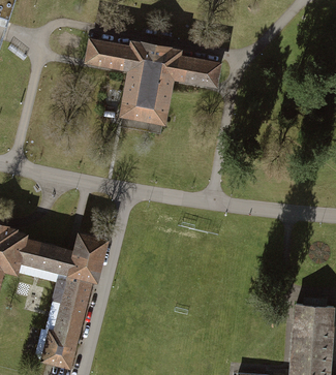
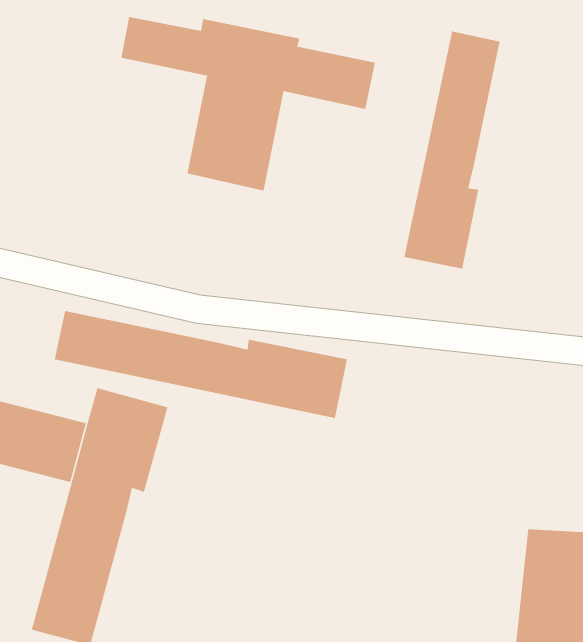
building: none -> [404,31,501,270]
building: none -> [54,310,348,419]

